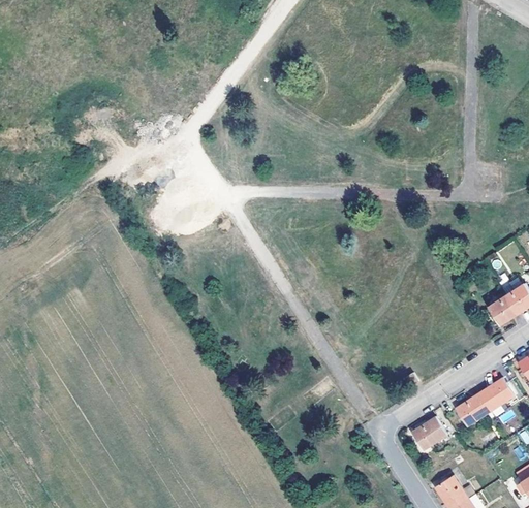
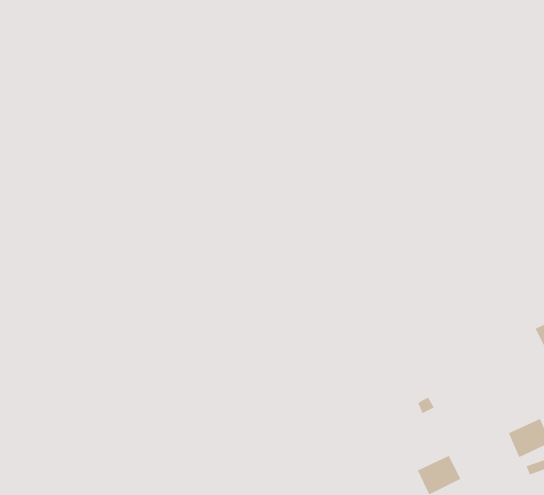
building: [456,392,490,425] -> none

